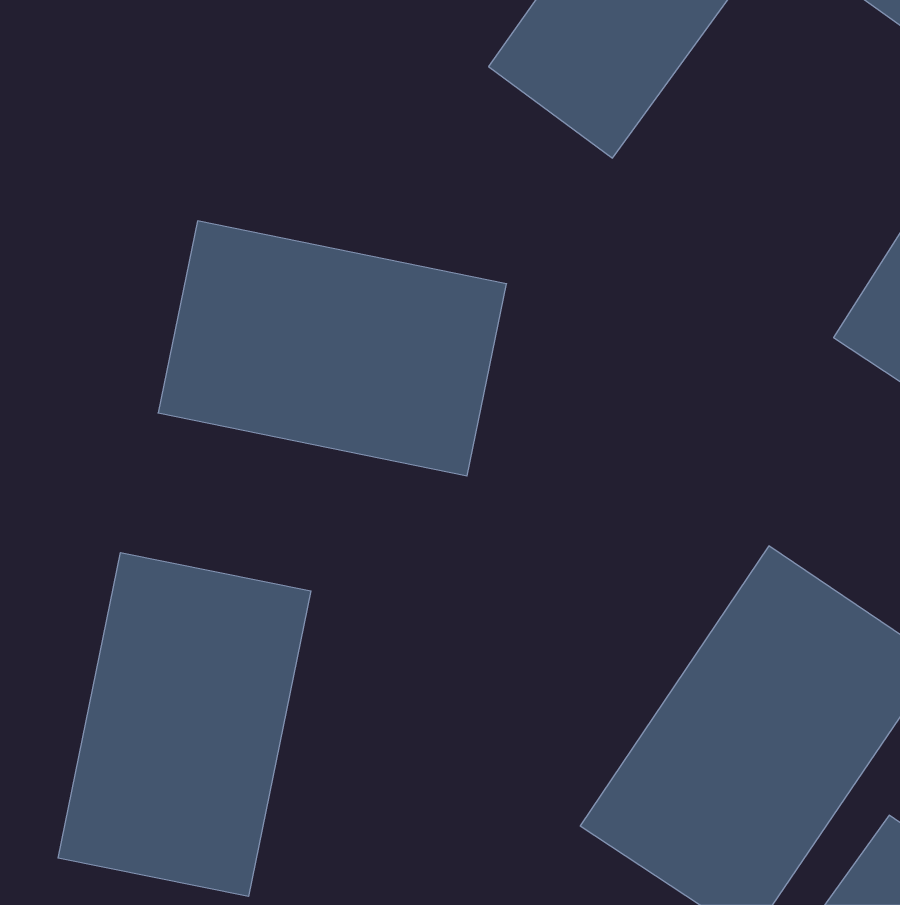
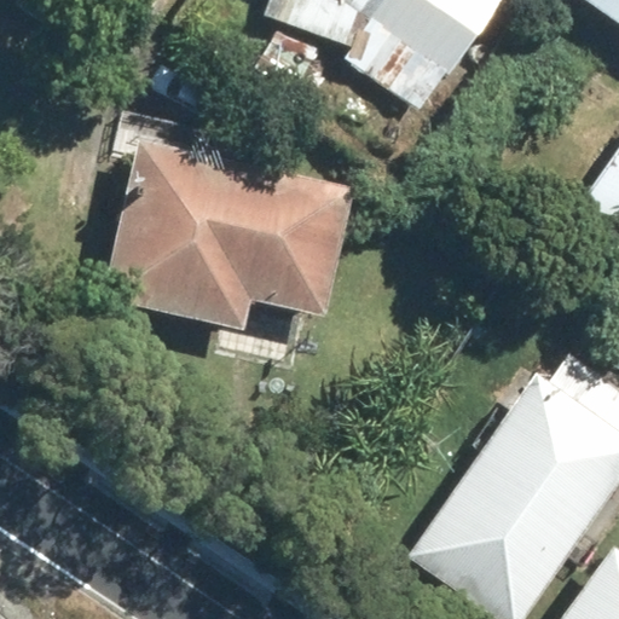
building: [58,553,311,896] -> none

